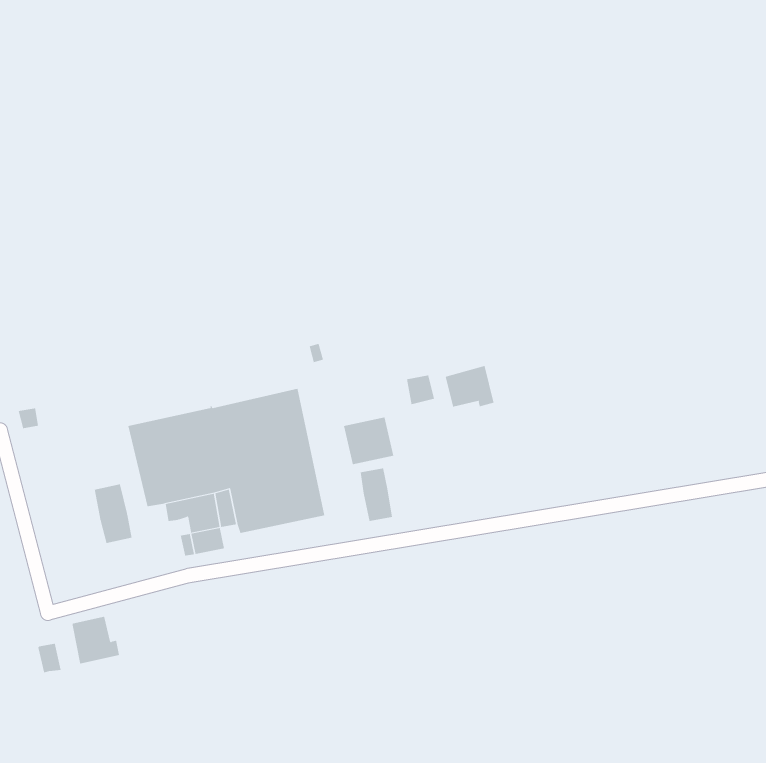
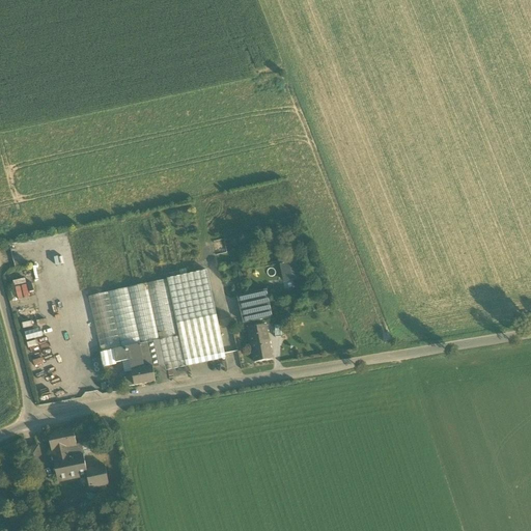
building: [445,365,494,407] -> none
building: [94,484,132,544] -> none
building: none -> [55,453,109,487]

